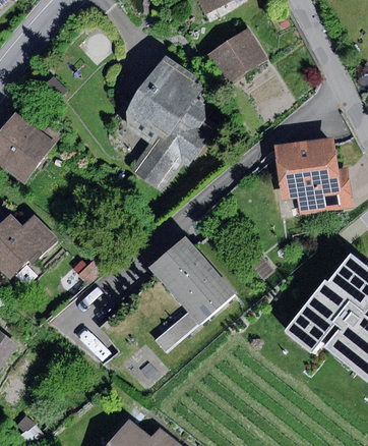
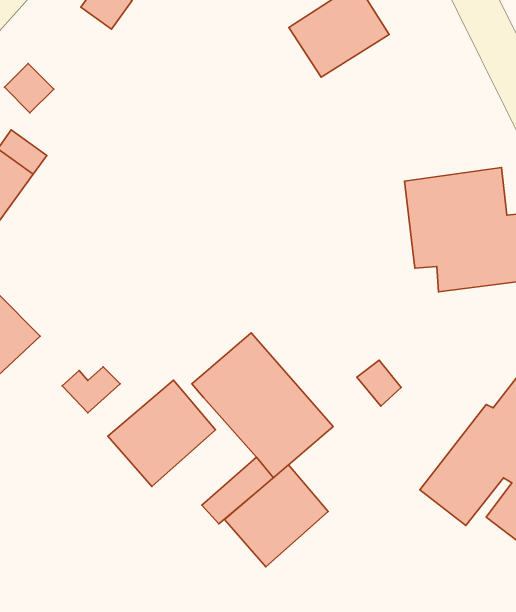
building: [125,53,217,189] -> none
building: none -> [108,380,215,486]
building: none -> [225,465,328,567]

